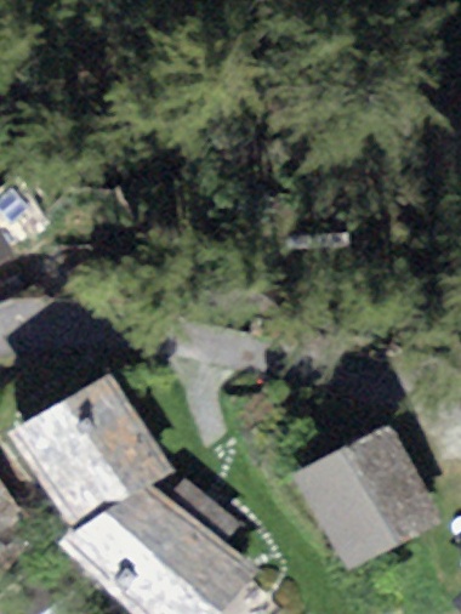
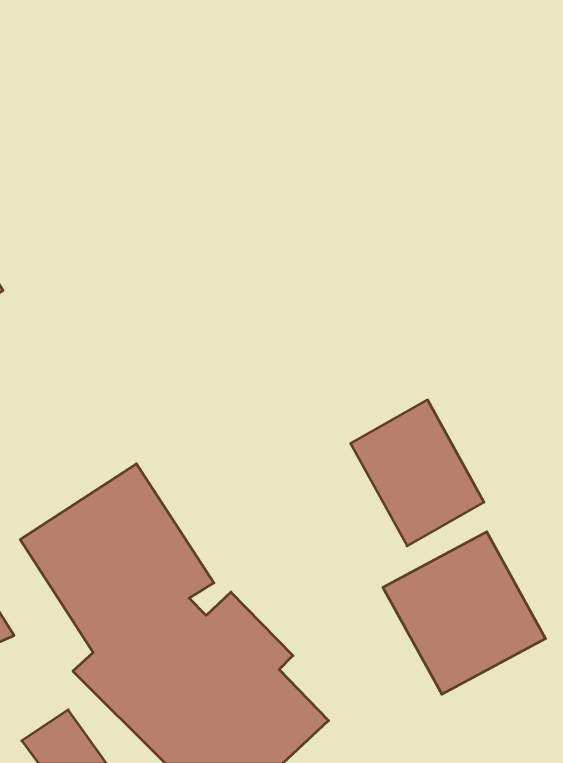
building: none -> [351,400,484,546]

